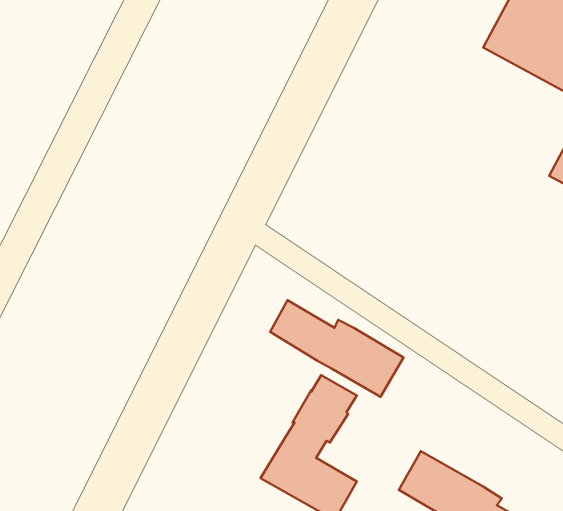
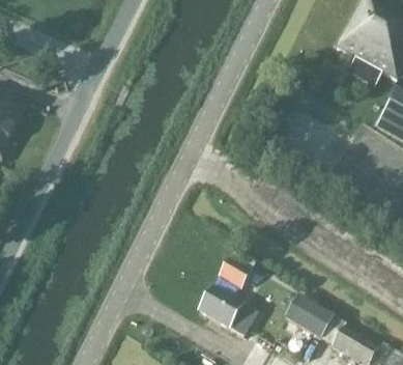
building: [270,300,403,397] -> none

